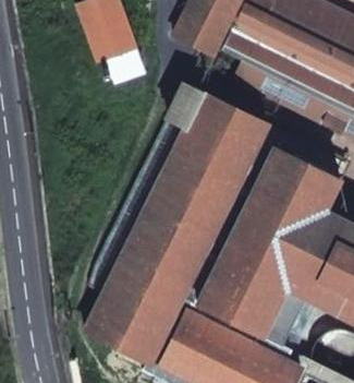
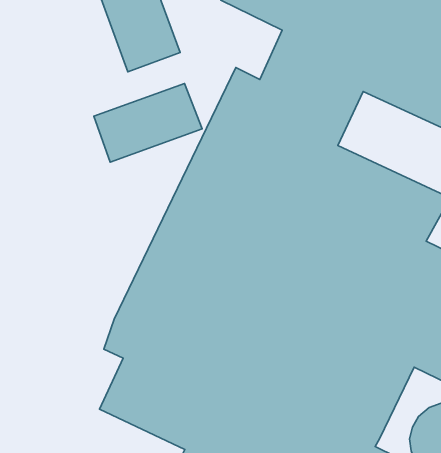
building: none -> [94,84,202,162]

